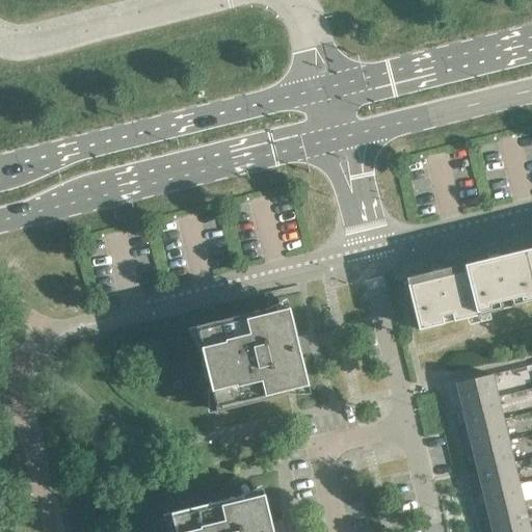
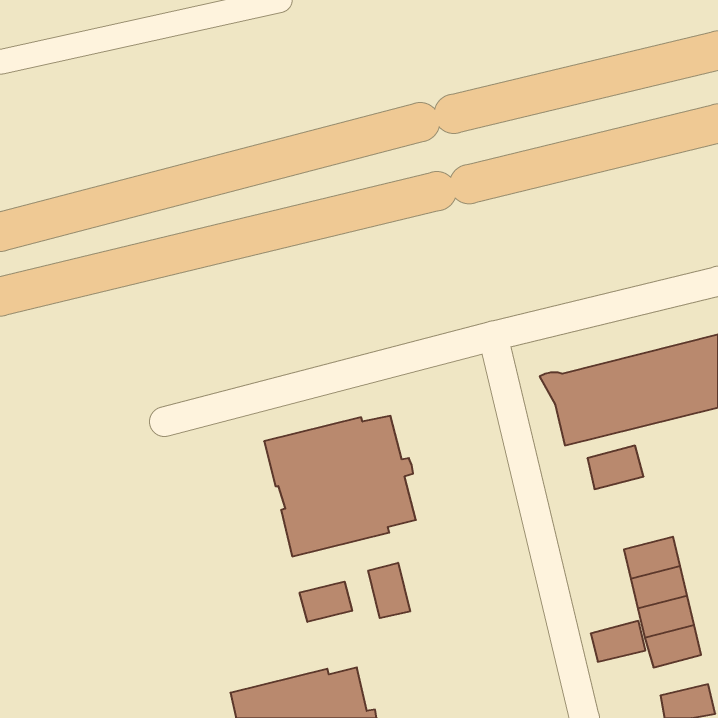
building: [456,374,498,406] -> [587,446,644,489]
building: none -> [368,563,410,618]
building: none -> [300,582,352,622]
building: [483,484,524,514] -> [591,621,645,662]

